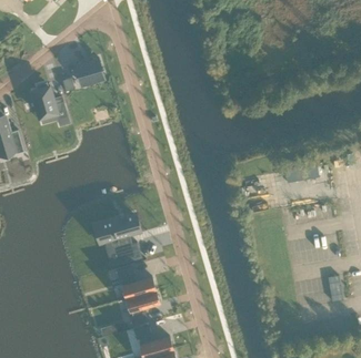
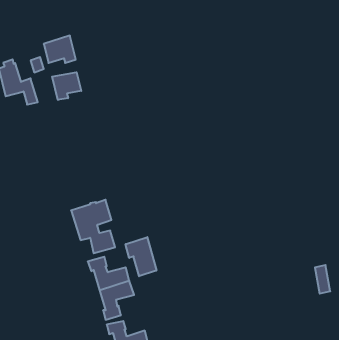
building: none -> [52,72,81,100]
building: none -> [126,237,156,276]

